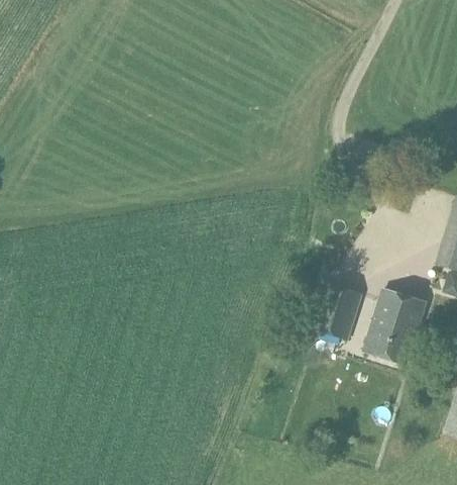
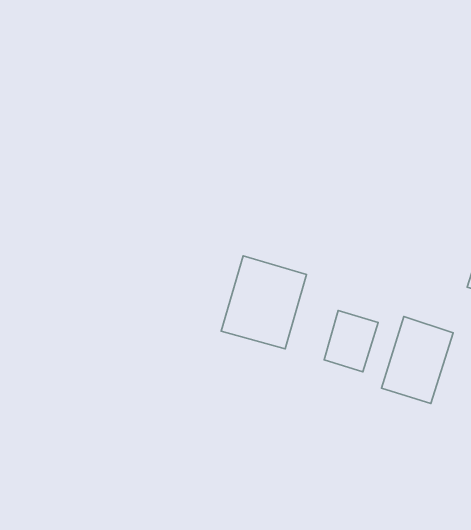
building: none -> [221,256,306,349]

